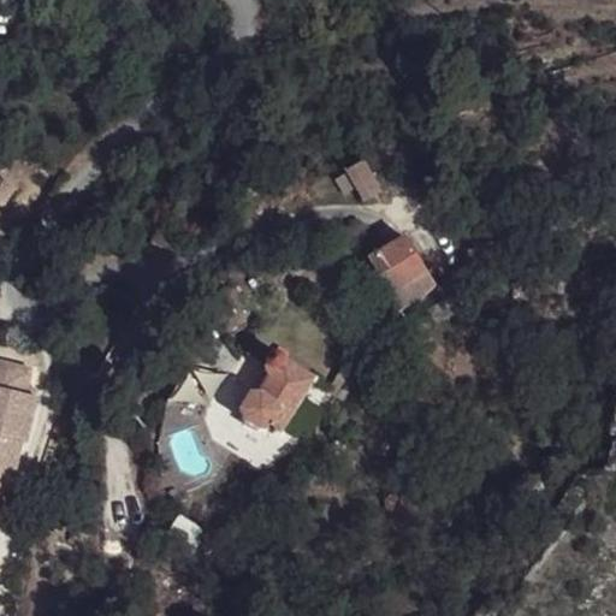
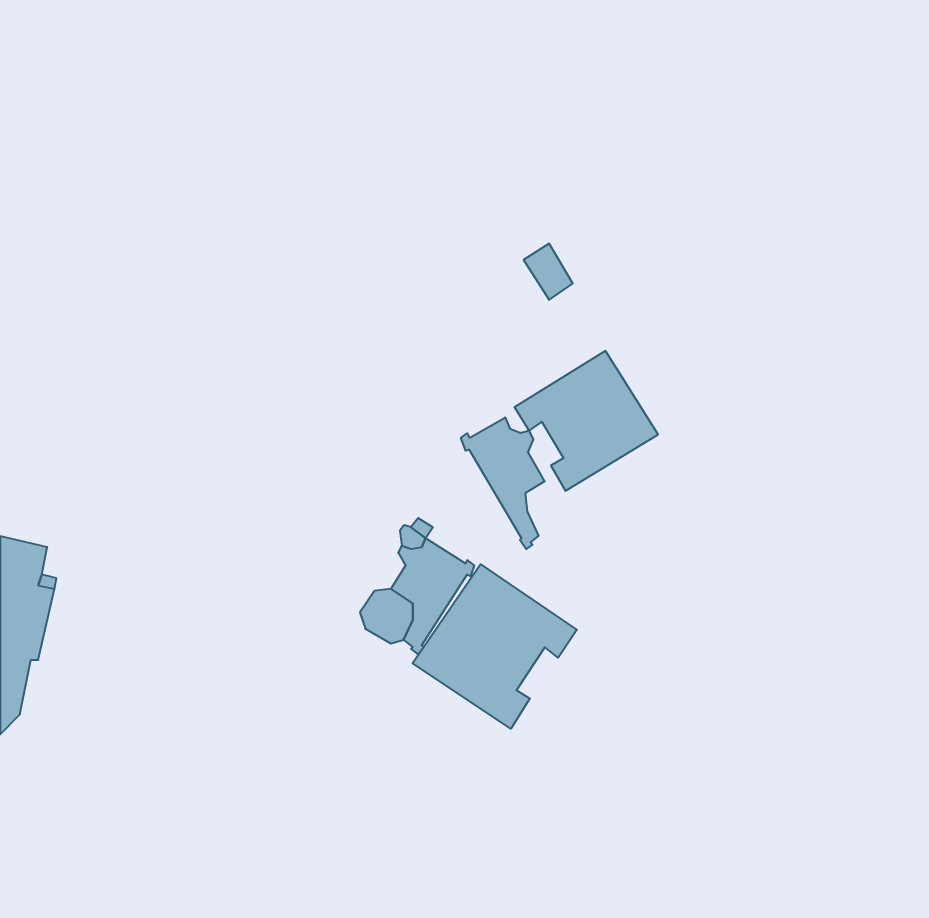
building: none -> [461,417,545,549]
building: none -> [413,564,577,729]

